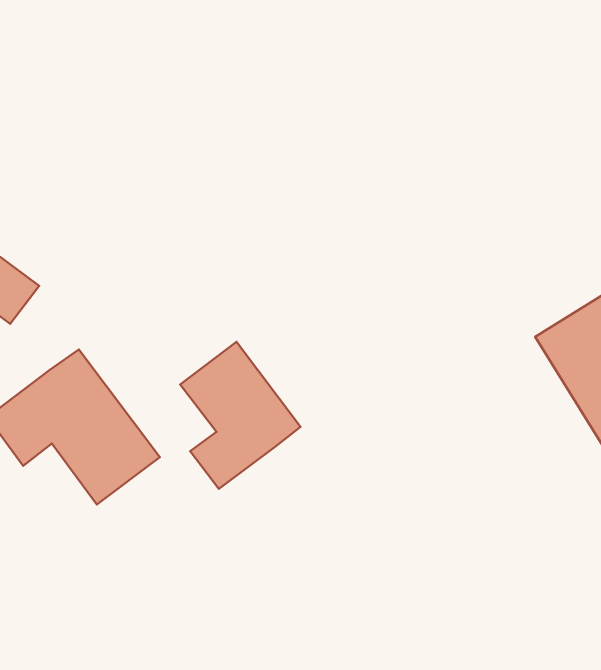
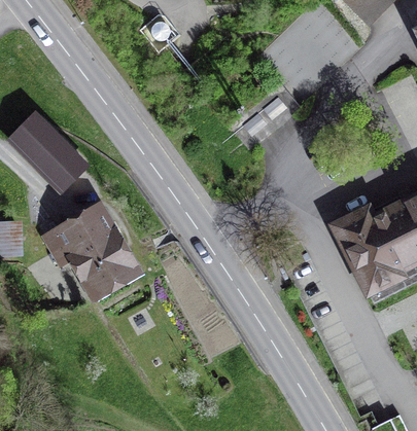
building: [180,342,300,489] -> none

